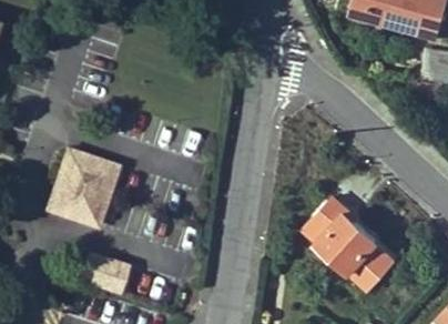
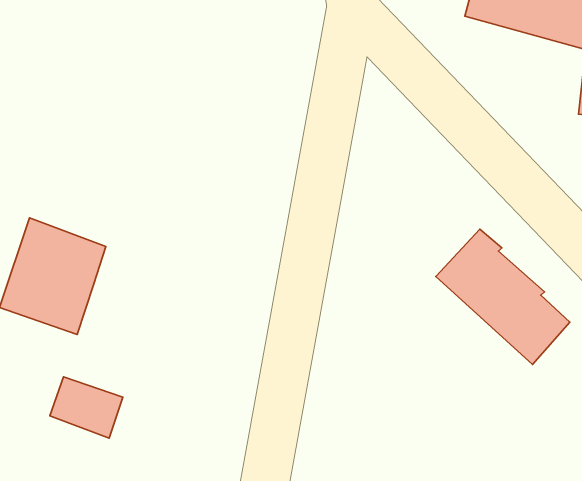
building: [305,201,393,290] -> [436,229,570,365]

